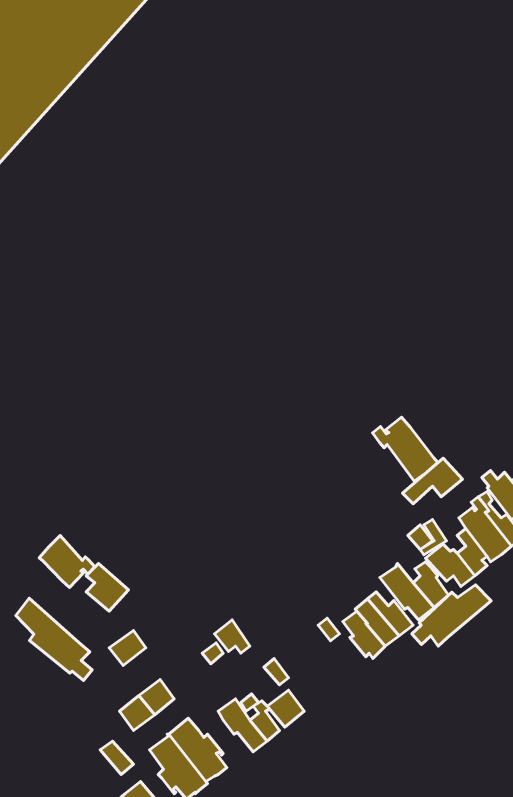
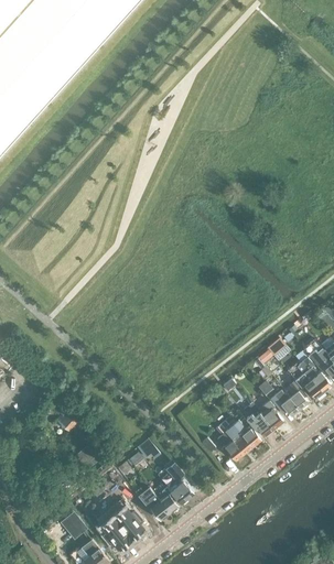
building: [373,417,438,481] -> none
building: [39,536,95,587] -> none
building: [412,585,491,646] -> none
building: [16,598,92,680] -> none

